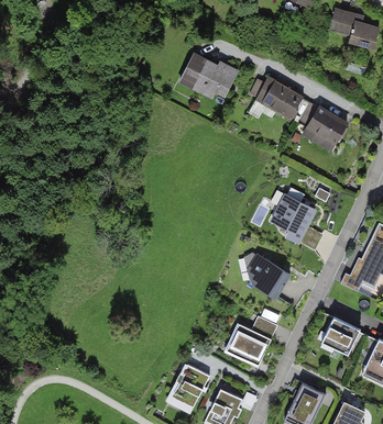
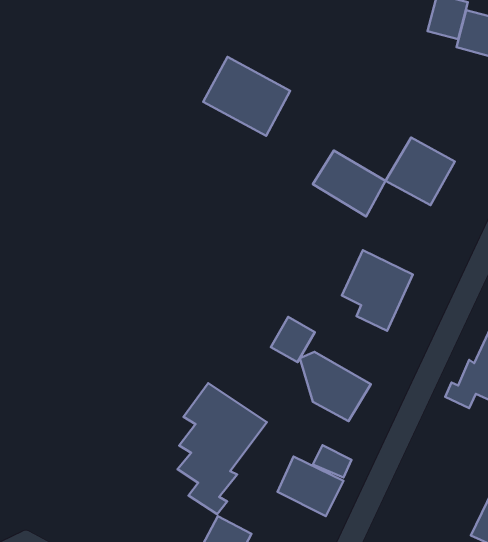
building: [253,75,303,120] -> [313,150,385,216]
building: none -> [271,317,315,362]
building: none -> [177,383,267,514]
building: [320,317,358,354] -> none

